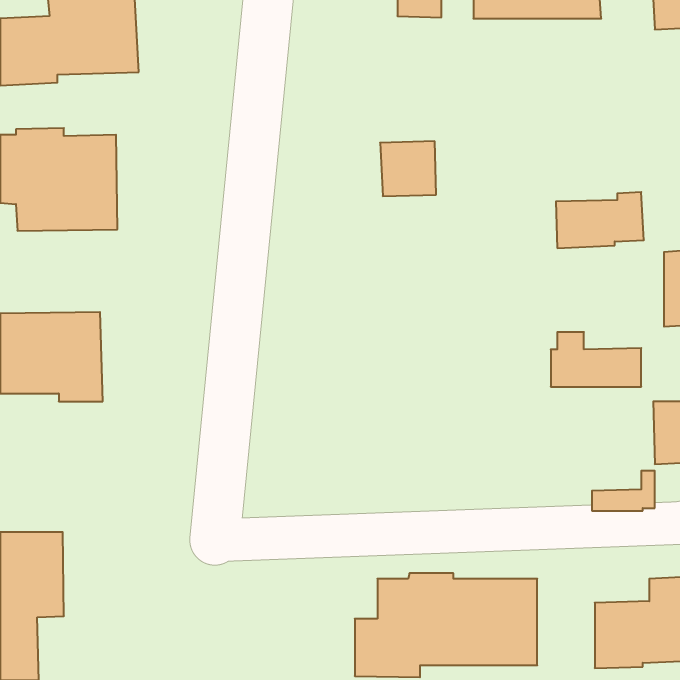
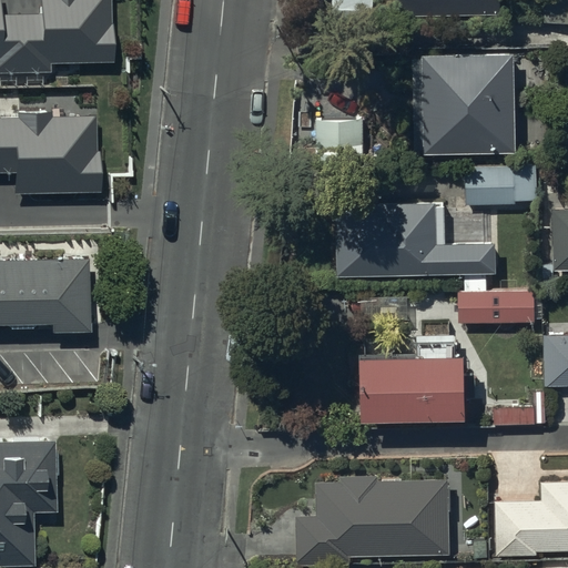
building: none -> [413,53,515,155]
building: none -> [335,203,495,276]
building: none -> [357,335,475,424]

